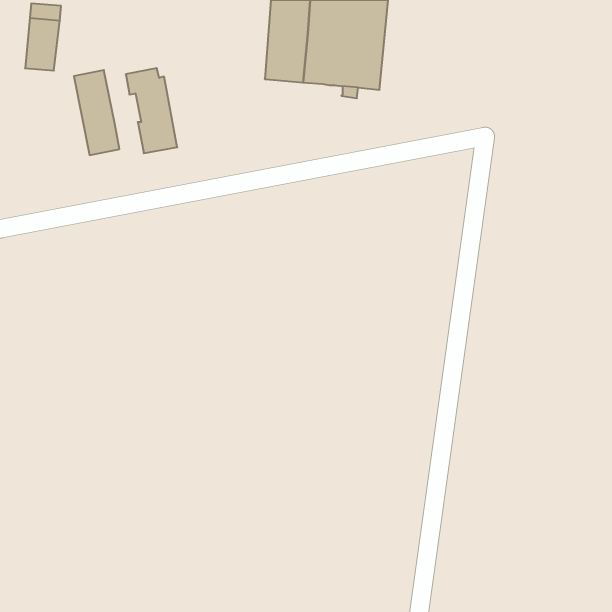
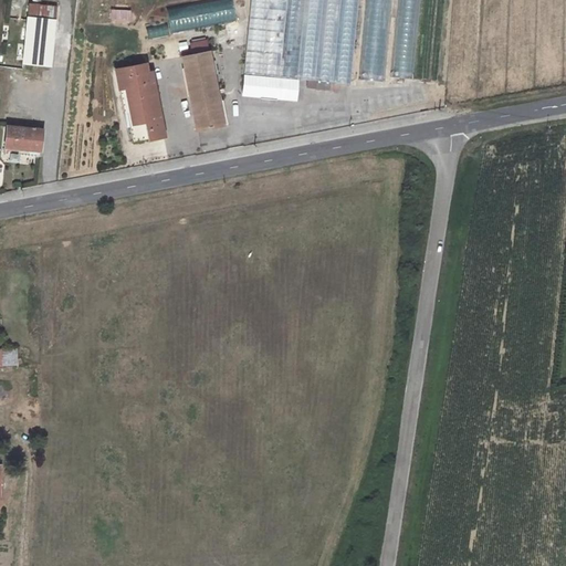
building: [74,70,119,155] -> [181,51,223,129]
building: none -> [243,73,297,98]
building: none -> [4,126,42,153]

